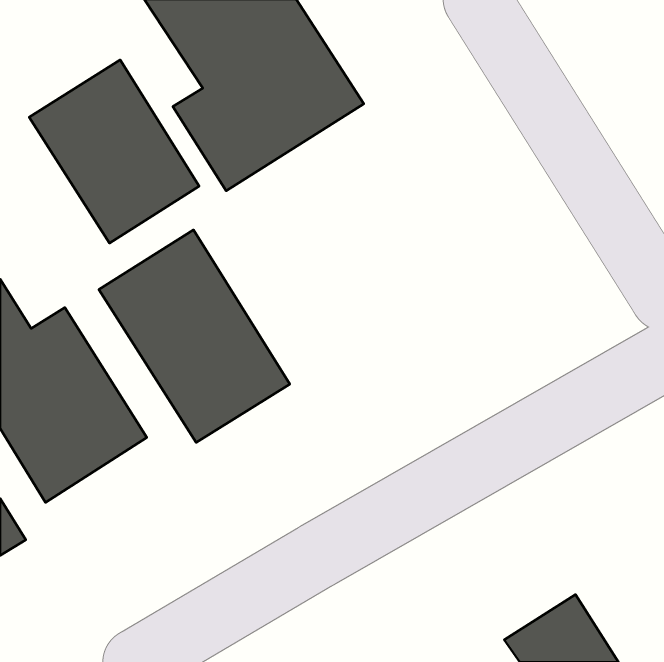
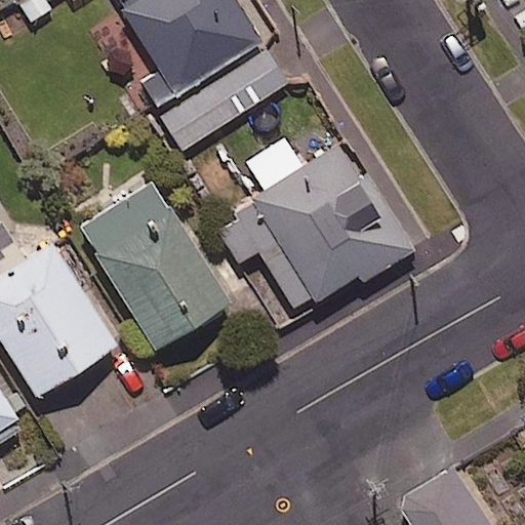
building: [29,60,199,243] -> none
building: none -> [216,138,412,324]

